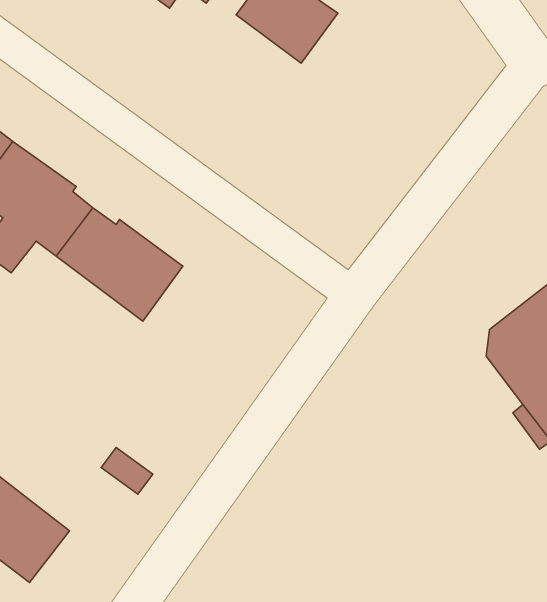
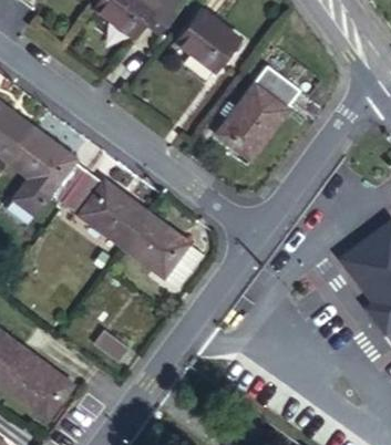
building: none -> [214,65,298,157]
building: none -> [119,209,199,287]

